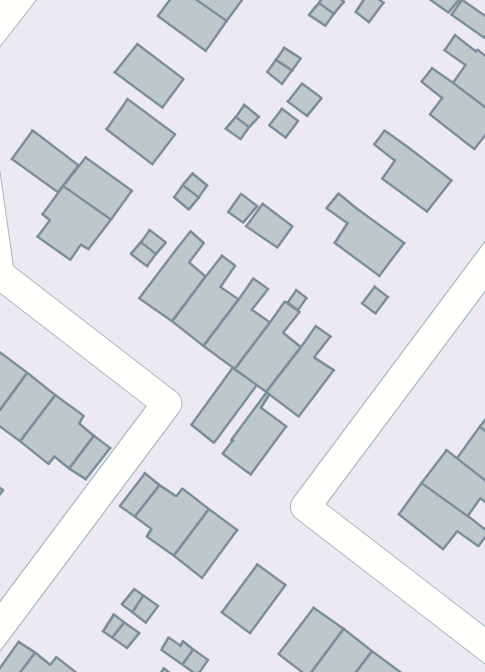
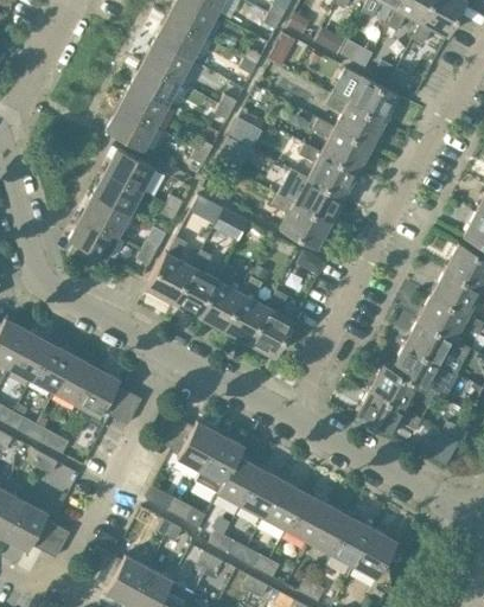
building: none -> [119,87,168,129]
building: none -> [313,120,371,173]
building: [12,130,79,192] -> [94,173,142,215]
building: none -> [286,170,344,223]
building: [191,368,257,443] -> none
building: [223,392,286,474] -> [217,446,260,506]
building: none -> [262,480,305,530]

